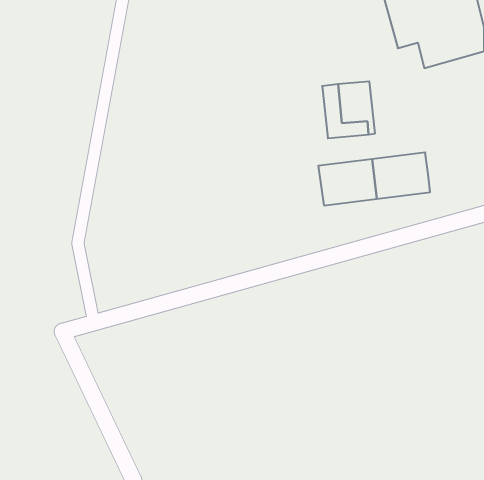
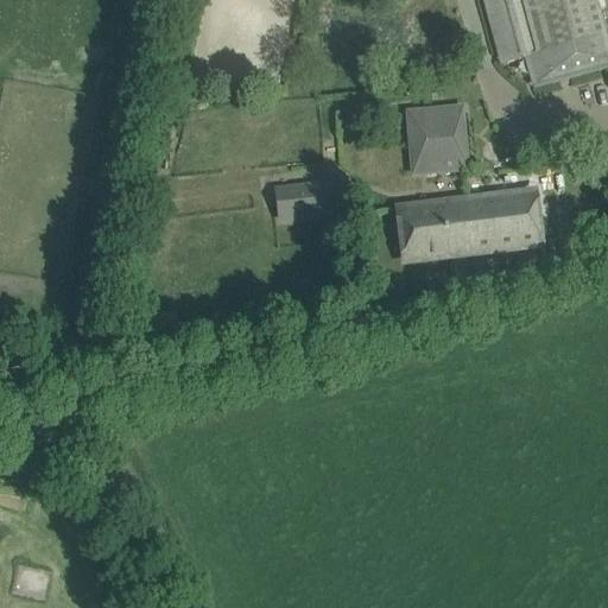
building: none -> [277,180,327,217]

